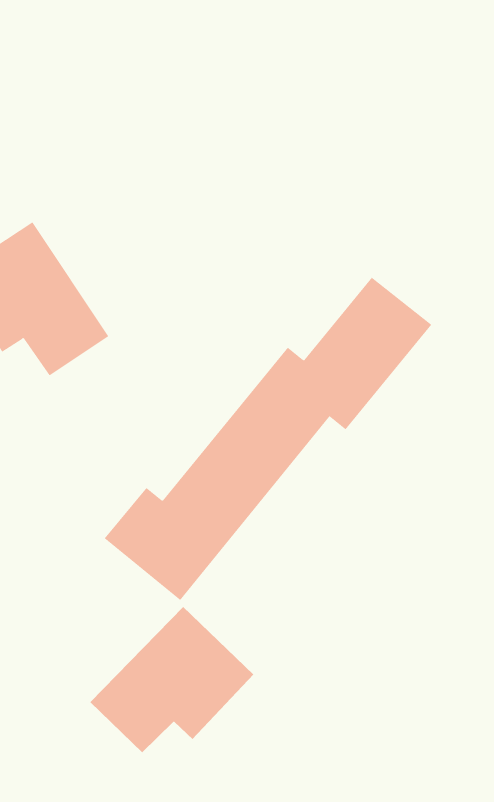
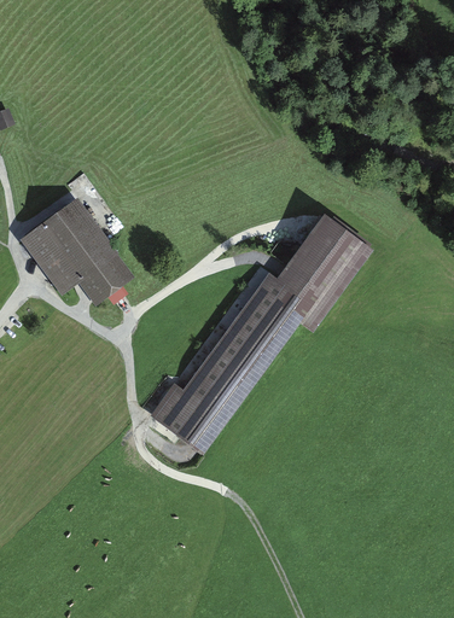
building: [90,606,254,753] -> none

